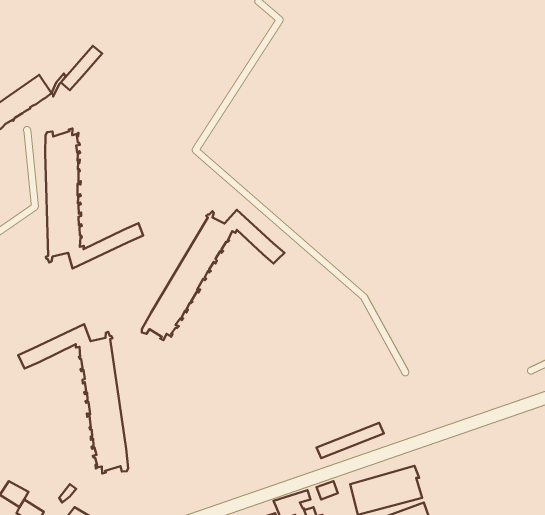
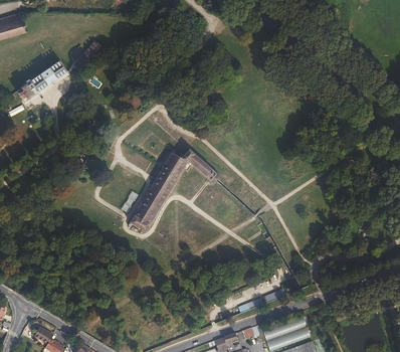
building: [45,129,143,269] -> none
building: [18,324,128,473] -> none

